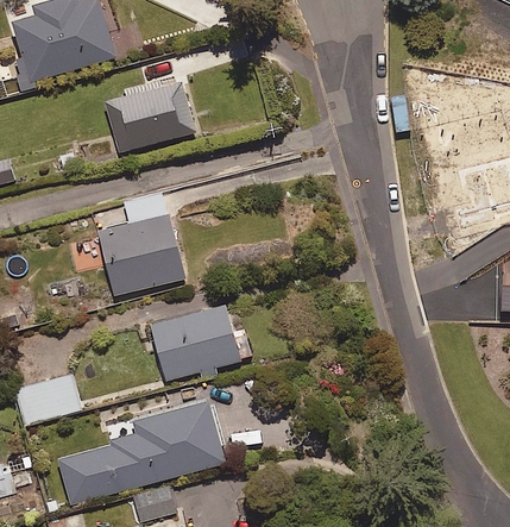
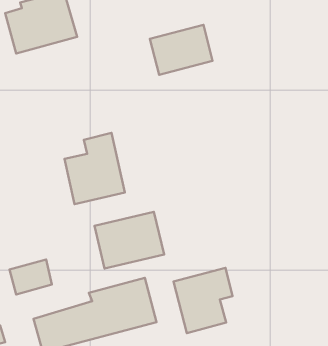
building: [106,81,195,152] -> [150,25,213,75]
building: none -> [174,268,232,333]

